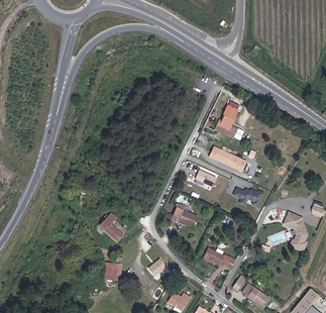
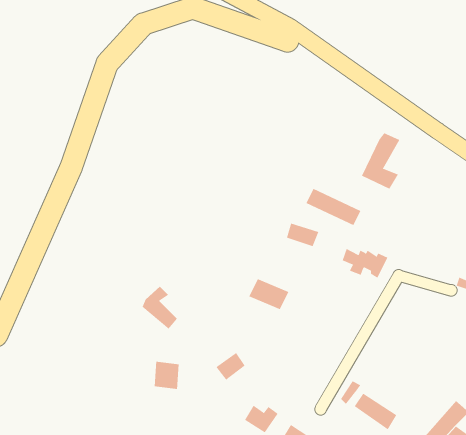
building: [215,101,241,139] -> [361,132,400,190]
building: [283,211,309,252] -> none
building: [204,247,235,269] -> none

